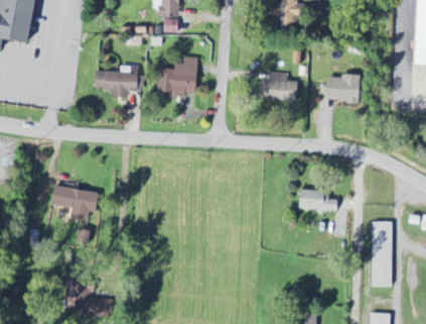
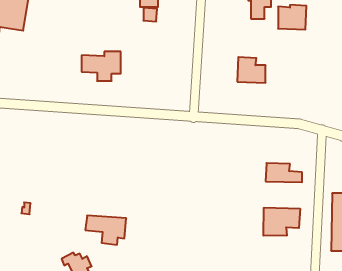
building: [158,59,197,95] -> none
building: [327,74,359,101] -> [278,5,306,30]
building: [53,187,99,219] -> [85,216,126,245]
building: none -> [263,208,300,236]

